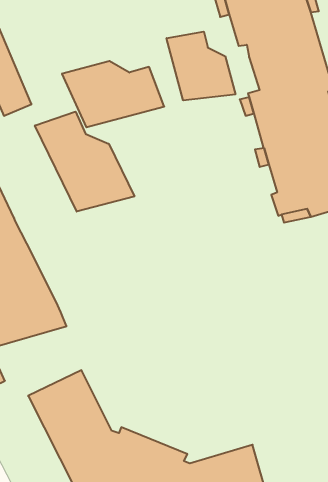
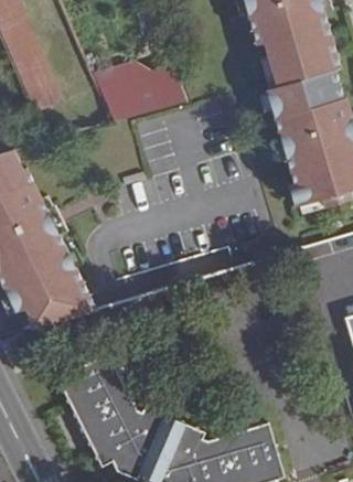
building: [167,32,235,100] -> none
building: [35,112,134,212] -> none

